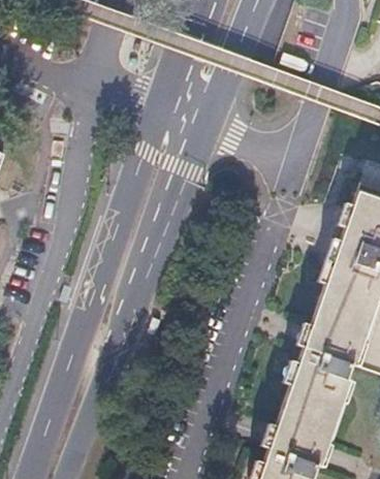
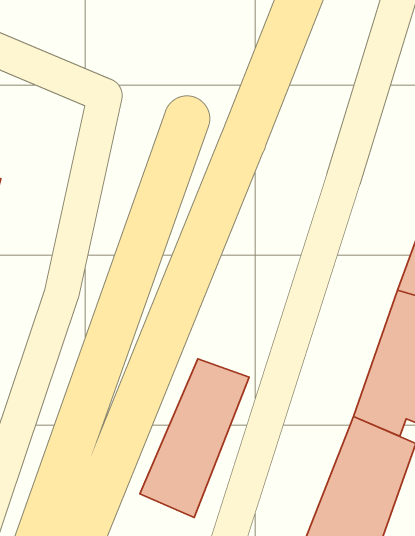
building: none -> [140,359,249,518]

